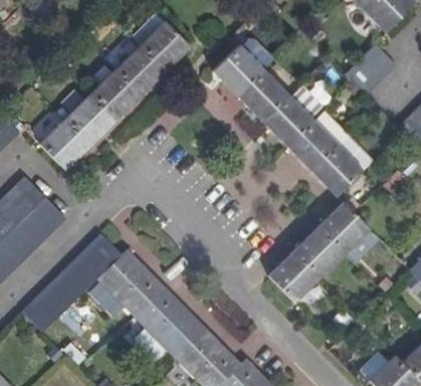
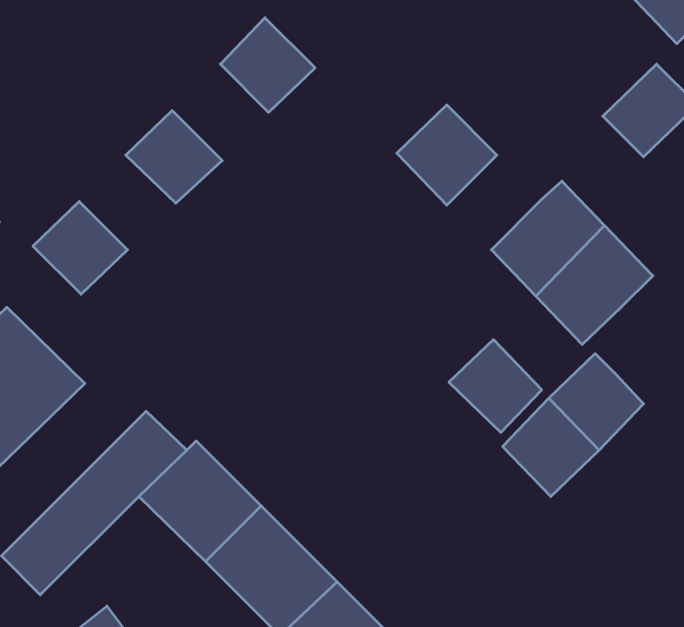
building: [114,45,166,98] -> none
building: [213,45,262,93] -> none
building: [262,89,318,146] -> none
building: [63,94,116,146] -> none
building: [268,252,319,303] -> [449,340,542,432]

